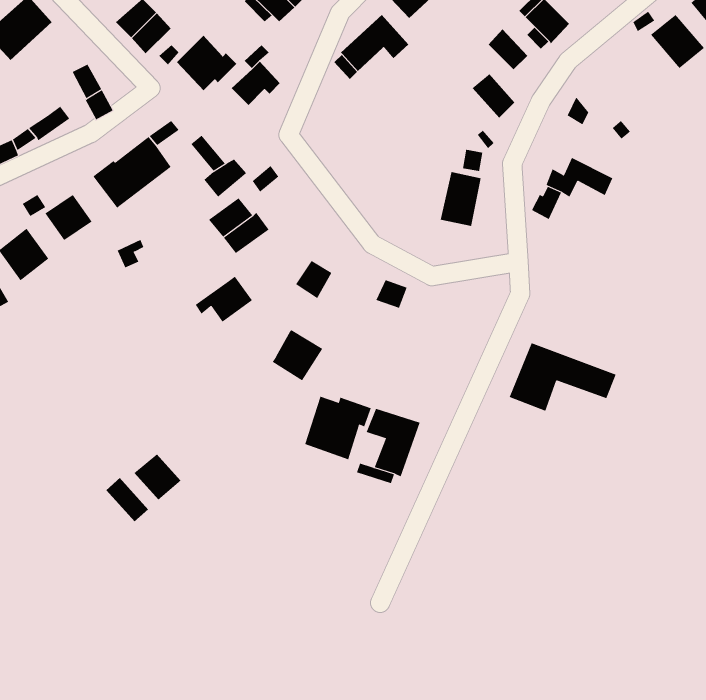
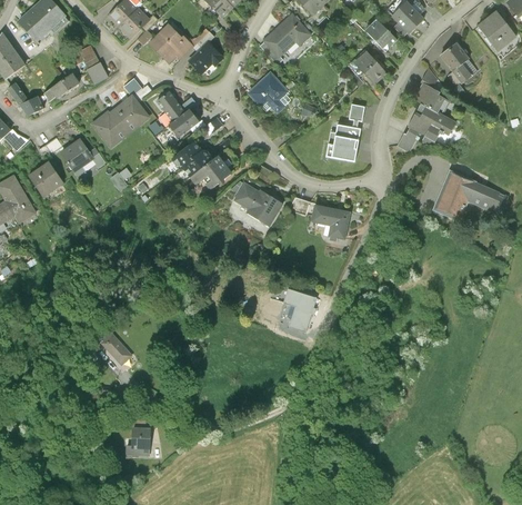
building: none -> [438,46,468,85]
building: none -> [248,70,287,102]
building: none -> [413,87,448,115]
building: [195,276,253,323] -> [191,157,231,189]
building: none -> [312,201,350,236]
building: [272,330,323,381] -> [245,189,281,225]
building: [509,342,616,412] -> [432,172,506,220]
building: [305,396,371,460] -> none
building: [134,453,182,501] -> none
building: none -> [126,425,149,453]

